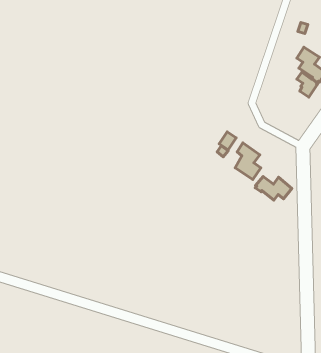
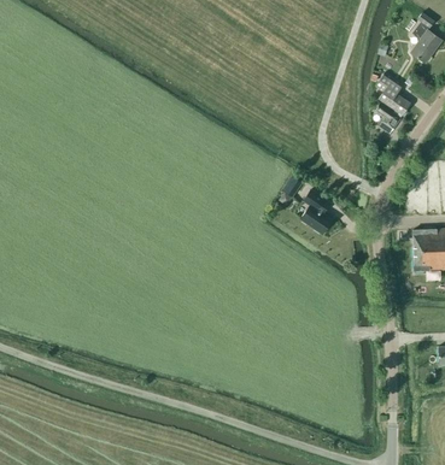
building: [255,177,292,200] -> none

